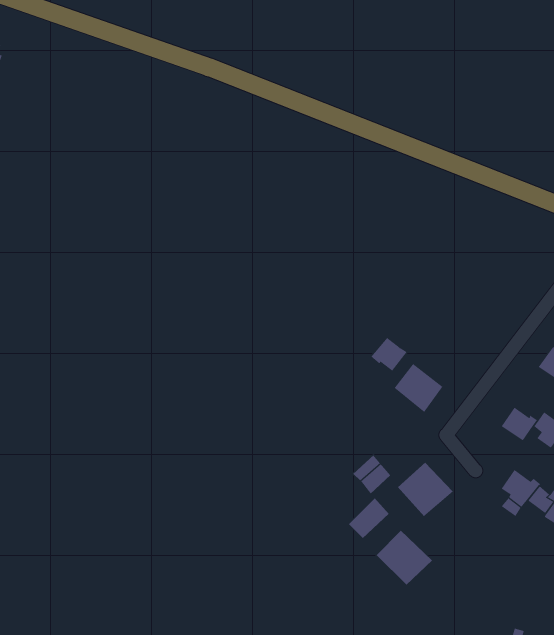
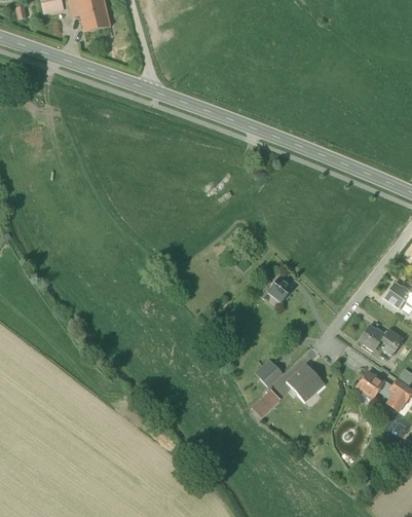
building: [394,363,443,413] -> none
building: [376,530,433,585] -> none

